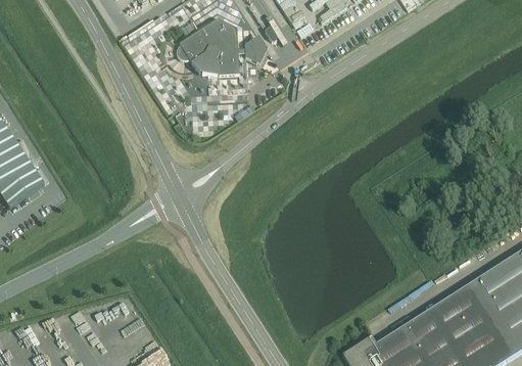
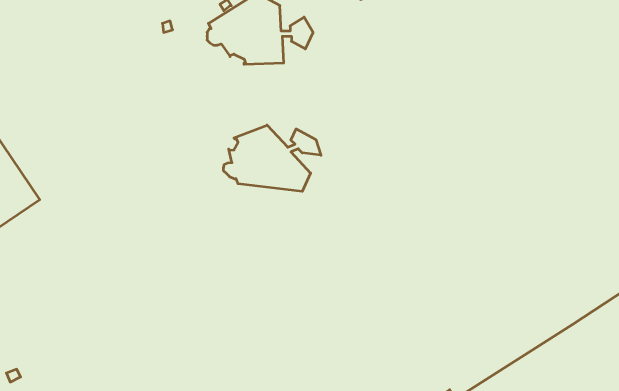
building: none -> [224,125,321,191]

